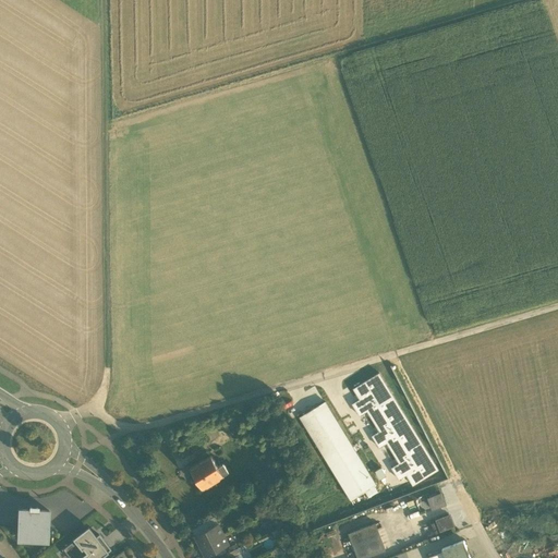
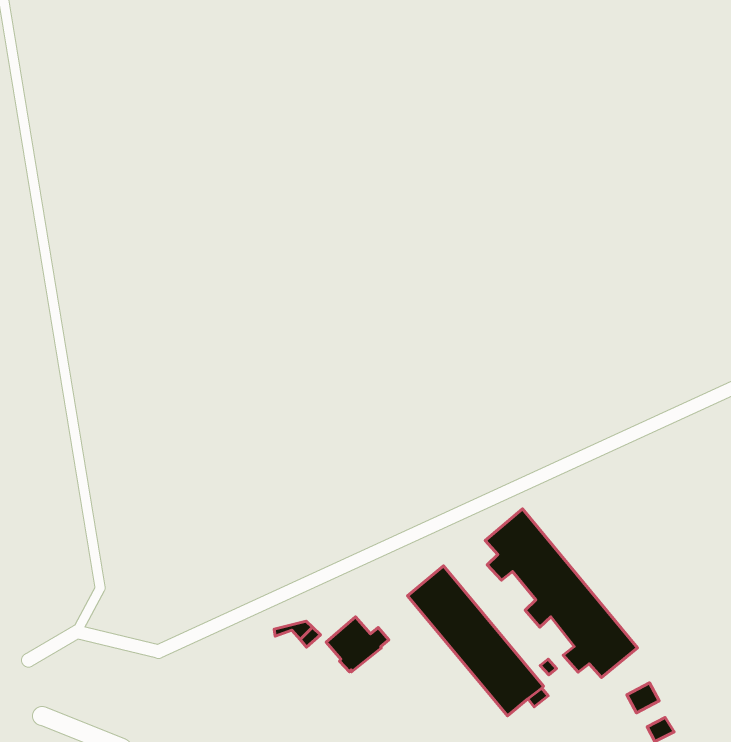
building: [189,456,228,489] -> [326,617,389,672]

